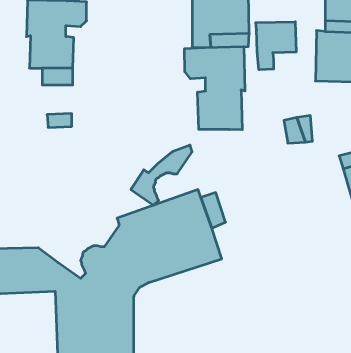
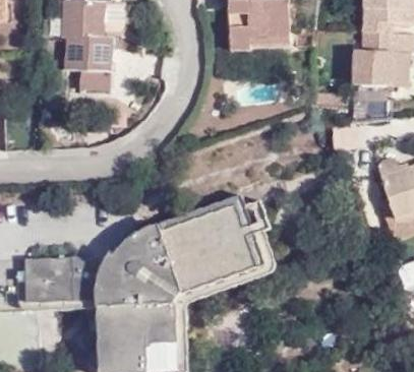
building: [256,22,296,70] -> none
building: [185,47,245,130] -> none
building: [131,145,192,205] -> [93,227,156,289]

